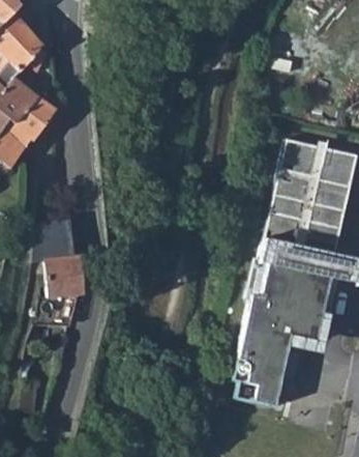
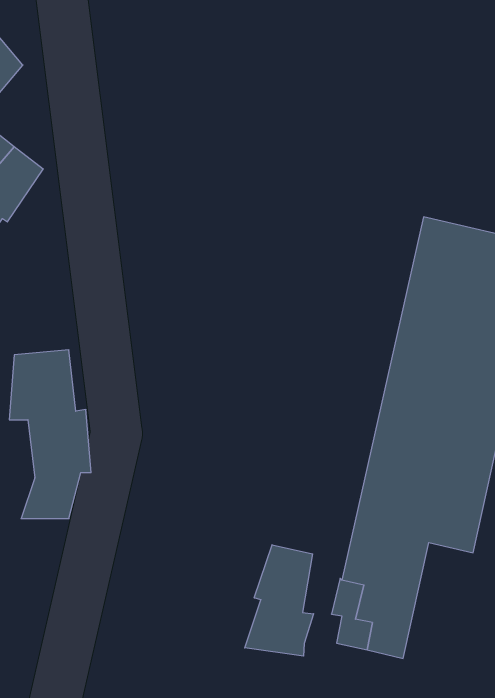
building: none -> [245,545,314,656]

